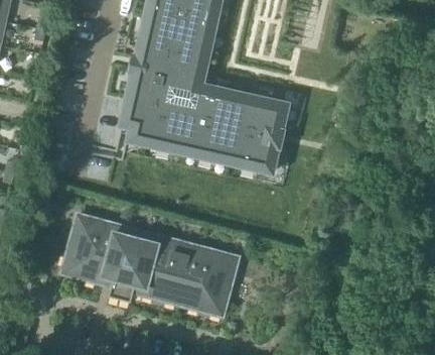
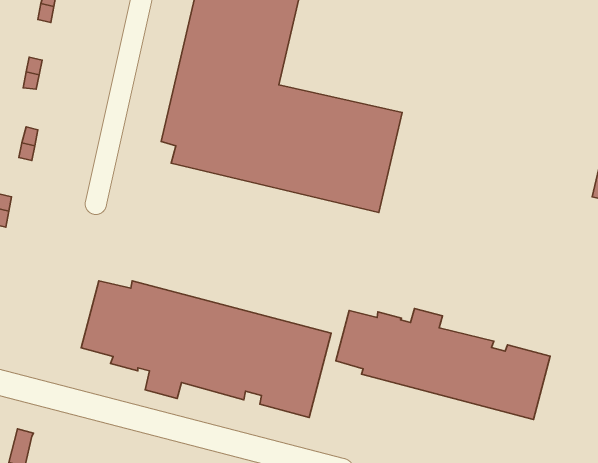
building: none -> [336,309,550,419]

